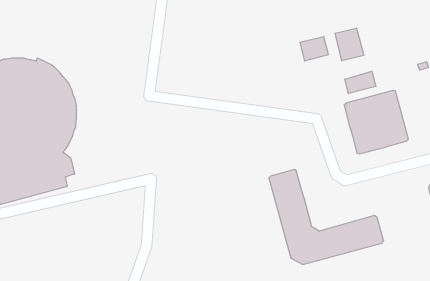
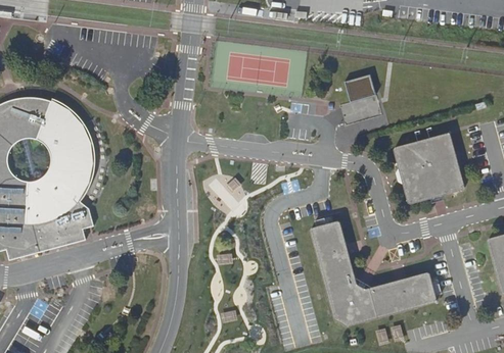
building: [335,28,364,61] -> none
building: [345,71,376,94] -> none

